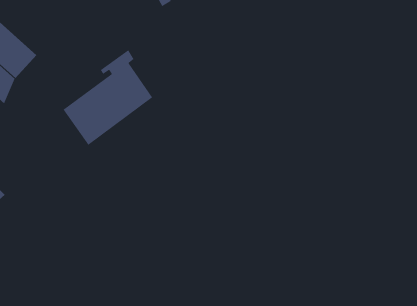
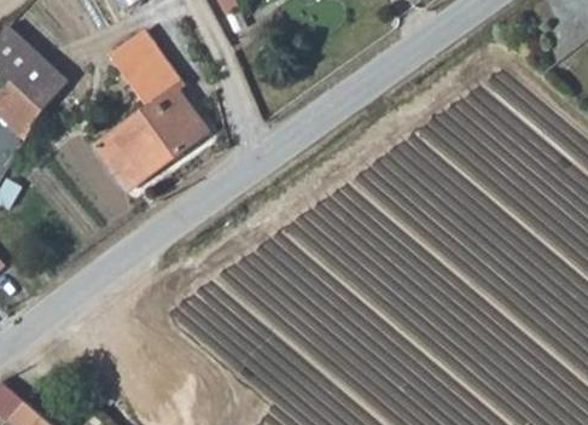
building: none -> [110,27,176,95]

